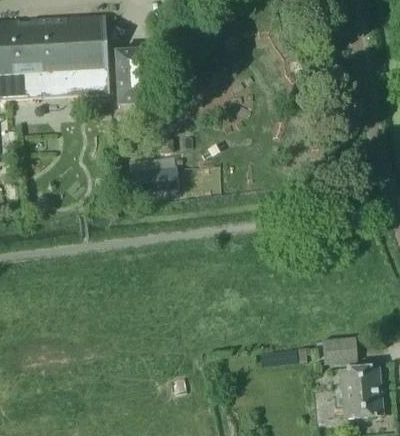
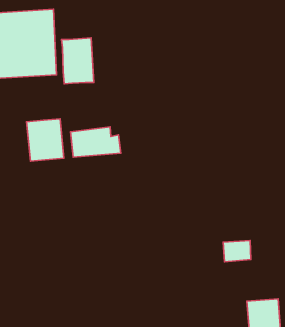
building: none -> [27,119,64,161]
building: [322,336,356,362] -> [223,241,251,262]

